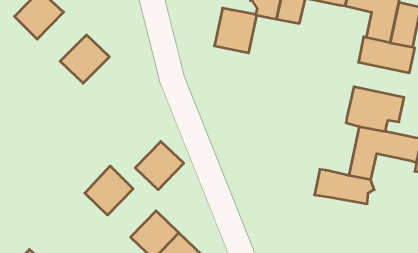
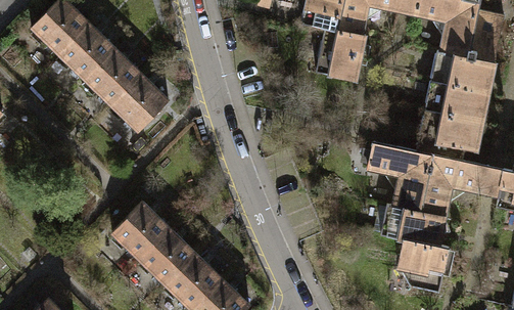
building: [214,8,257,53] -> [317,29,366,81]
building: none -> [58,23,115,80]
building: none -> [111,75,169,132]
building: none -> [426,81,490,122]
building: none -> [368,142,432,213]
building: [135,141,184,190] -> [140,228,196,284]
building: none -> [396,238,448,293]

